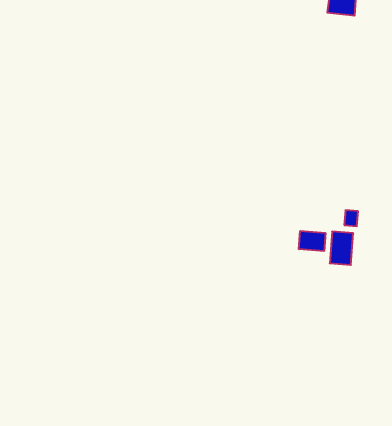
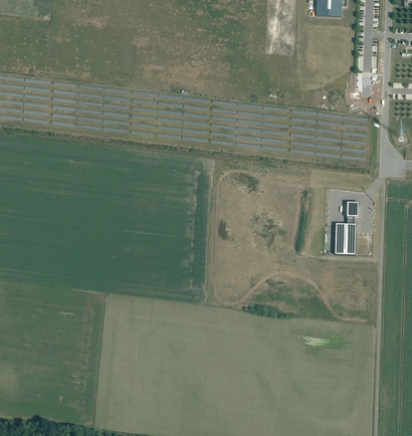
building: [299,231,325,251] -> none

